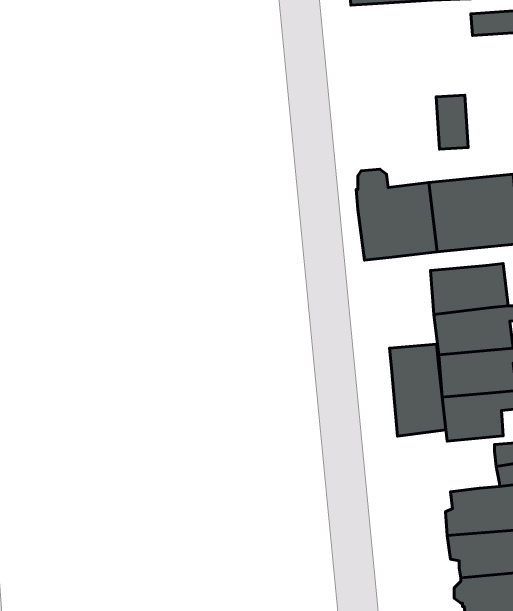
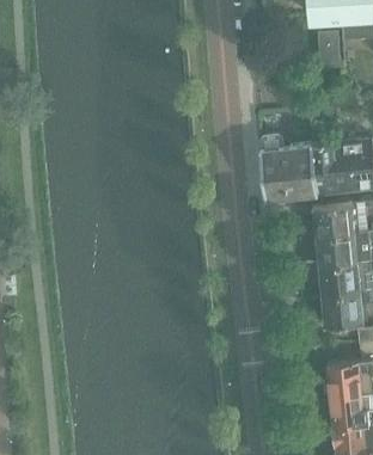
building: [436,95,468,149] -> [318,32,341,70]
building: [389,344,446,436] -> none

